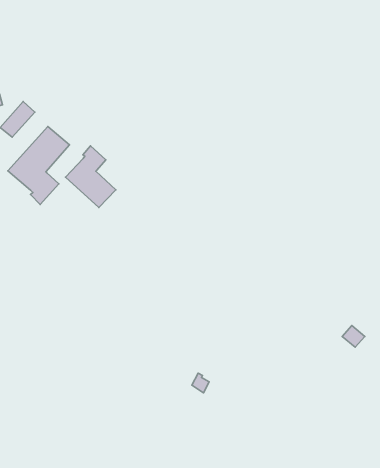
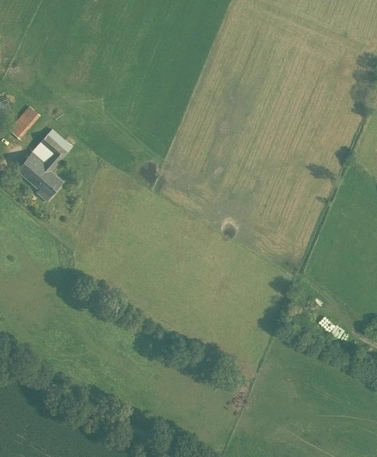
building: [65,146,116,207] -> none

